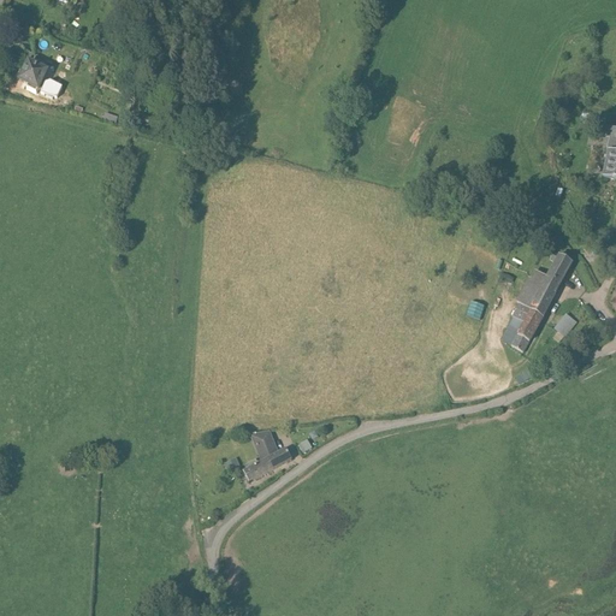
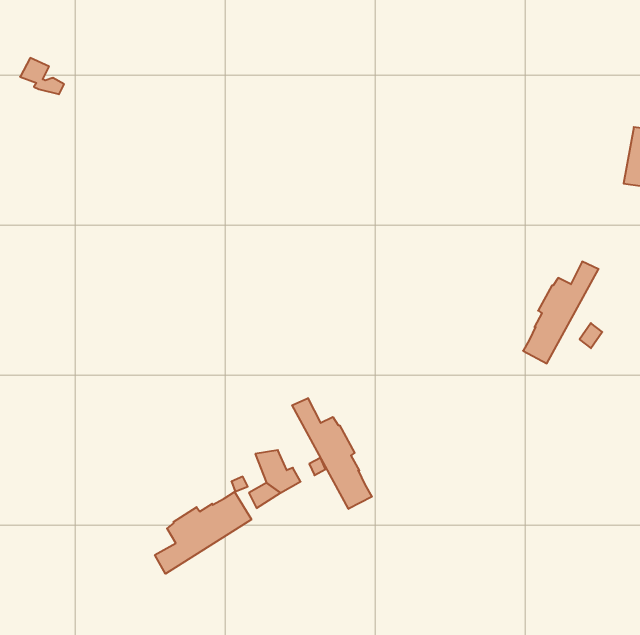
building: none -> [292,398,372,509]
building: none -> [155,492,251,574]

